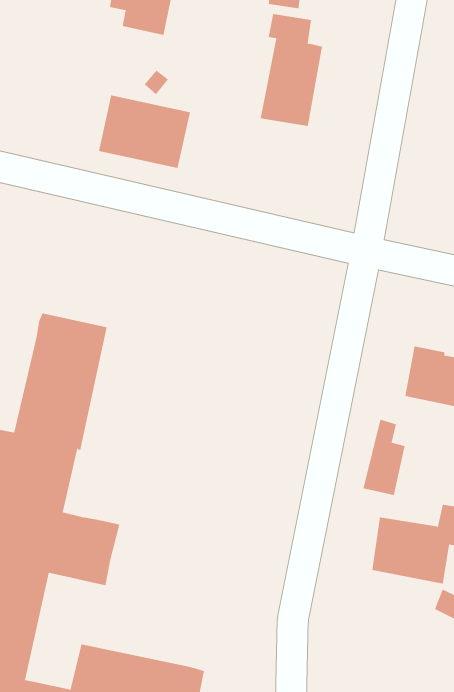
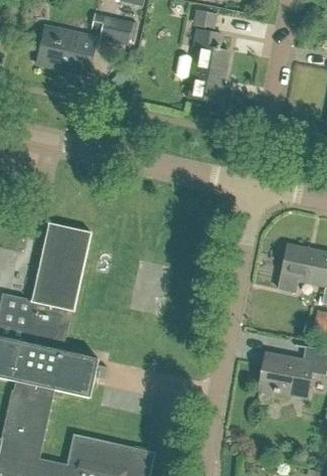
building: [98,95,191,169] -> [37,27,97,74]
building: [363,419,405,496] -> none

